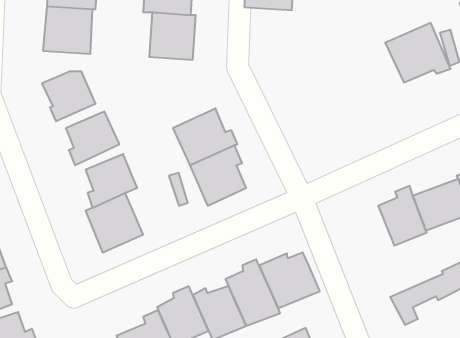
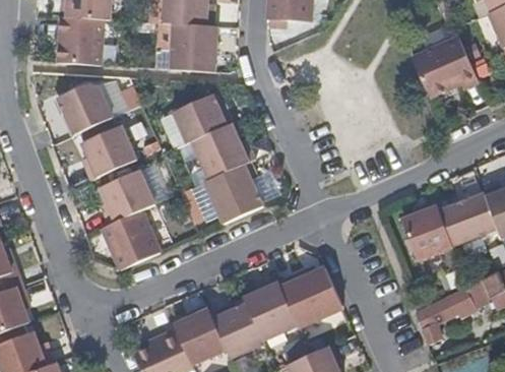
building: none -> [170,95,231,144]

